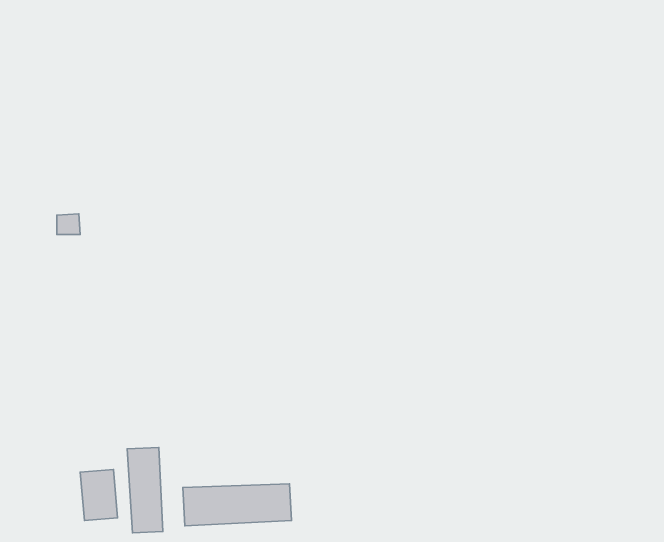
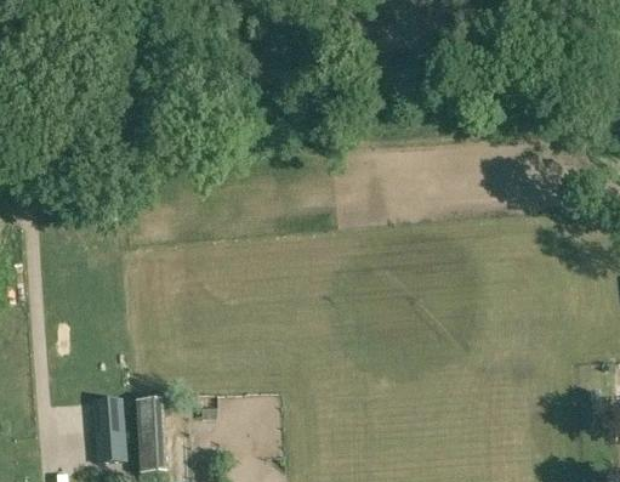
building: [183,484,292,526] -> none

